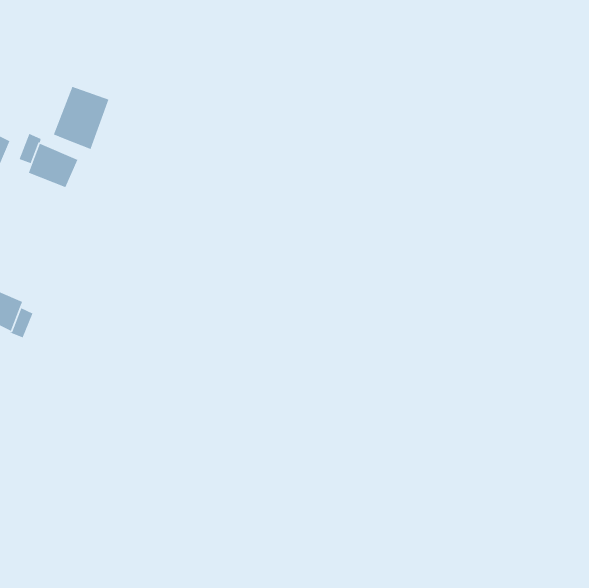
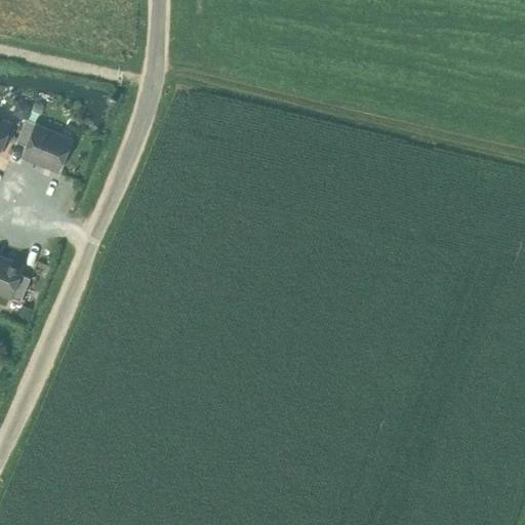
building: [53,86,110,150] -> none

